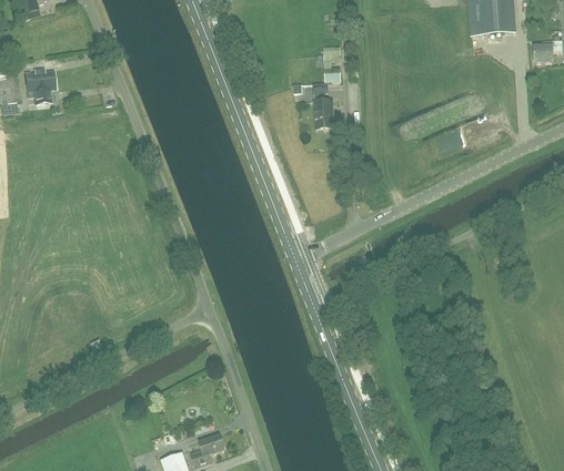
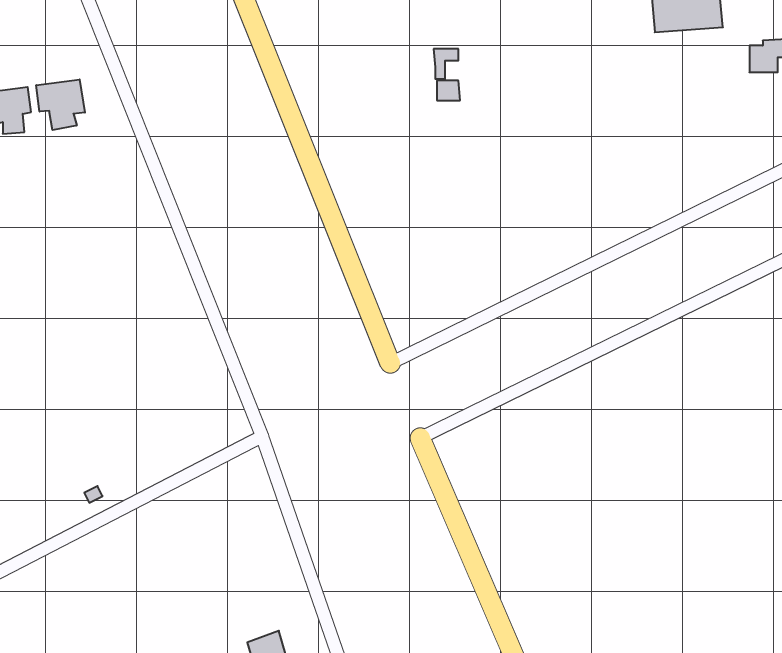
building: none -> [36,79,85,130]
building: [313,81,332,126] -> none

